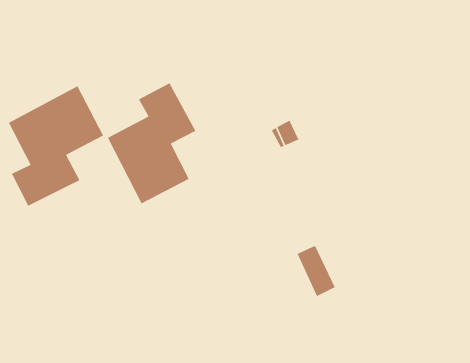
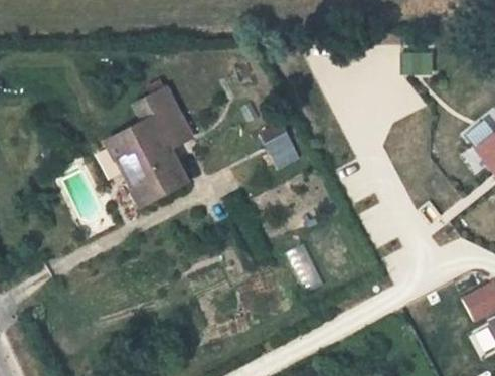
building: [8,85,104,207] -> none

